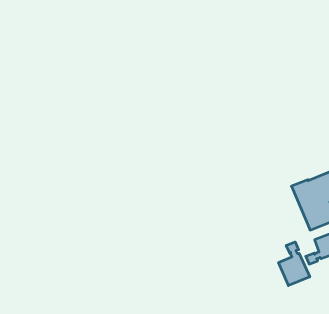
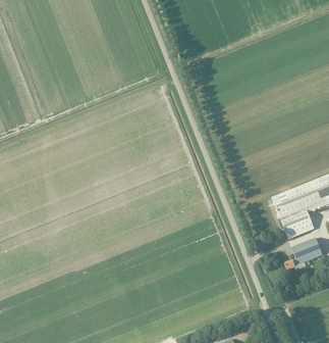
building: [279,242,310,286] -> none

